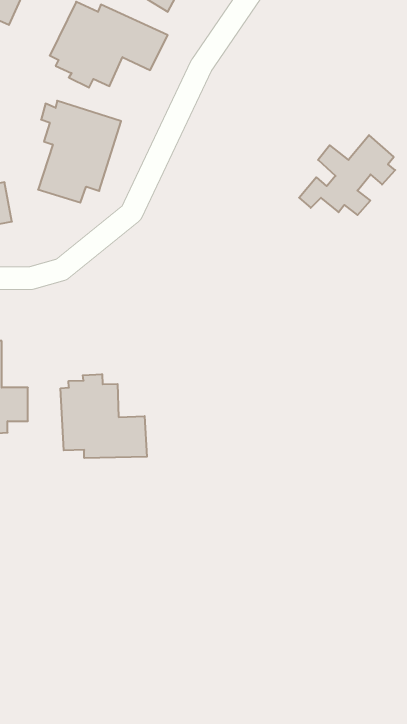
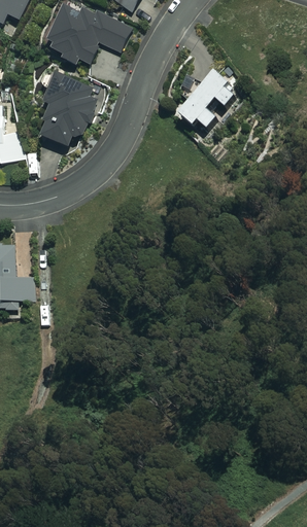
building: [299,135,395,215] -> [165,71,233,128]
building: [61,374,147,458] -> none

